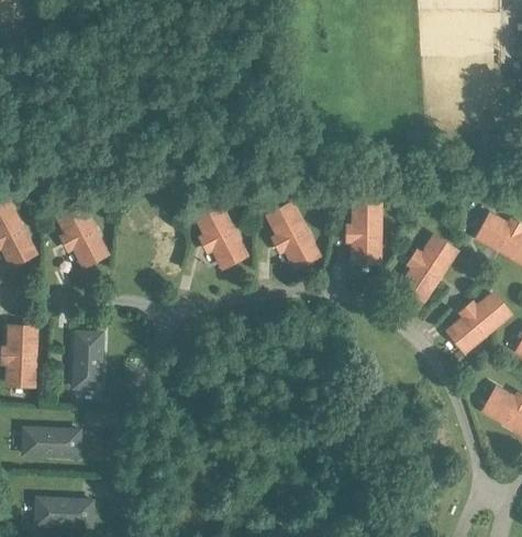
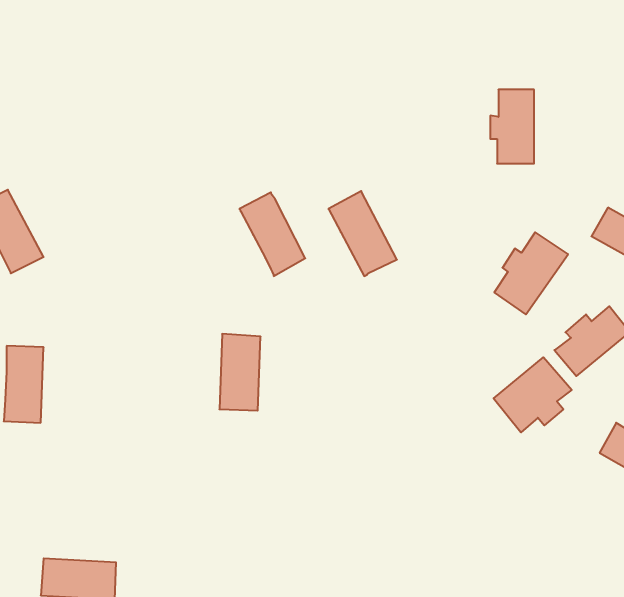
building: [56,202,109,269] -> none
building: [346,204,381,263] -> [490,90,534,164]
building: [73,329,105,391] -> [219,334,261,411]
building: none -> [494,357,572,432]
building: [22,426,81,459] -> none

